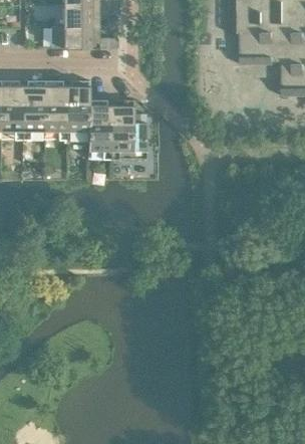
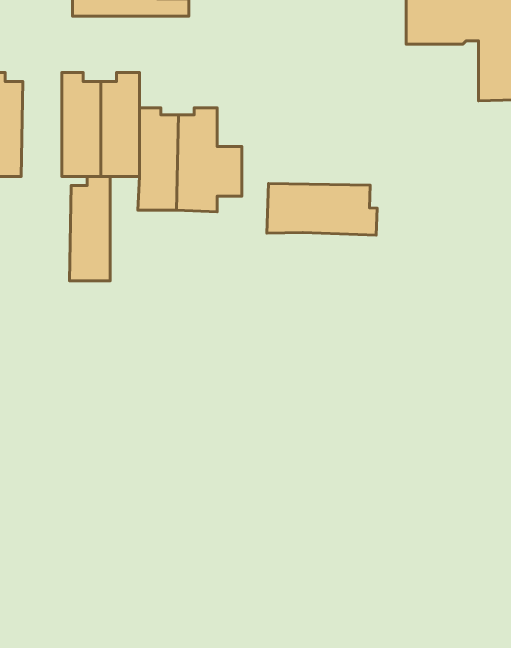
building: [21,80,44,140] -> [70,177,110,281]
building: none -> [267,184,377,235]

